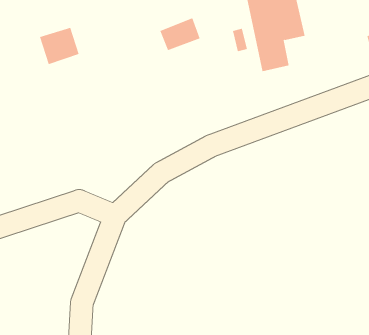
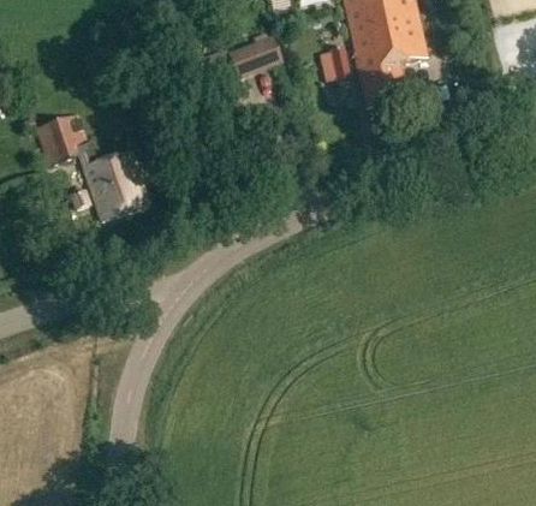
building: [39,27,79,65] -> [34,112,89,163]
building: none -> [88,150,149,216]

